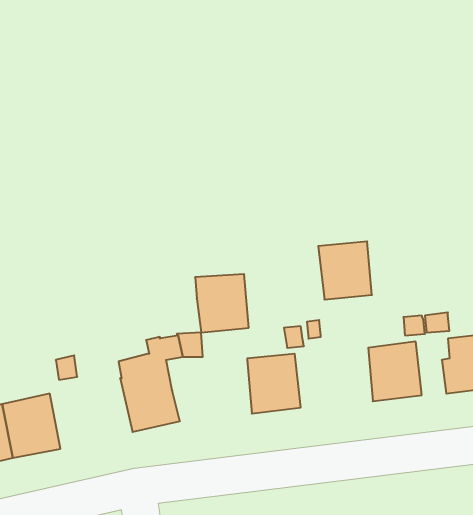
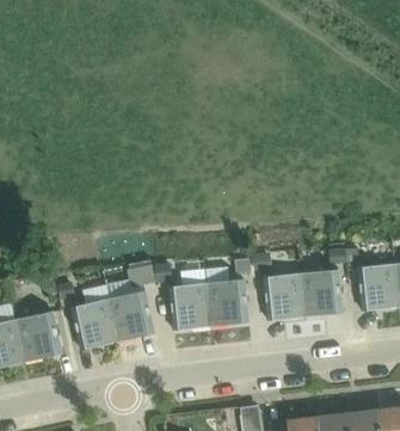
building: [318,241,372,300] -> [264,275,306,320]
building: [195,274,249,332] -> [170,284,211,330]
building: none -> [73,298,118,349]

